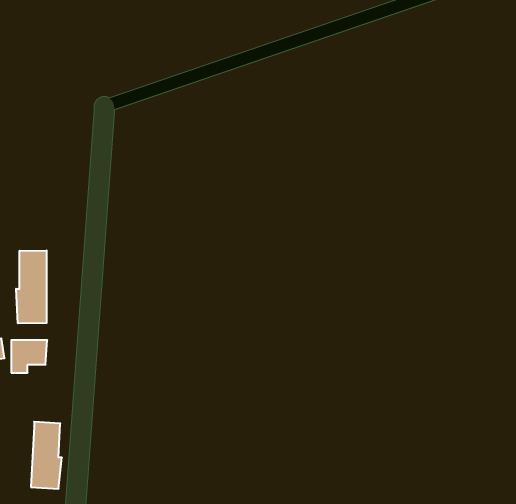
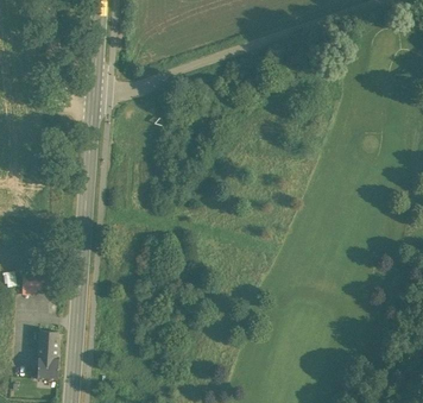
building: [16,250,47,323] -> none

